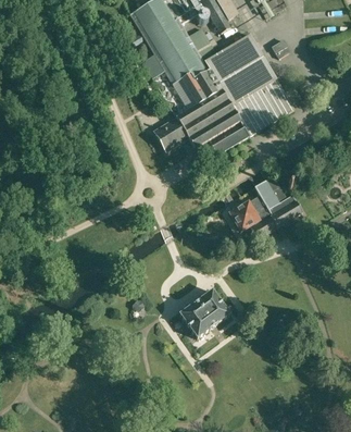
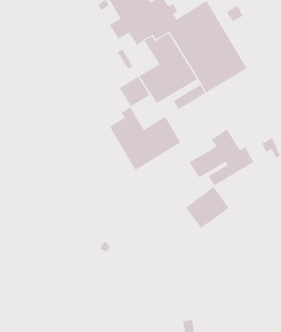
building: none -> [109,106,181,171]
building: [179,291,228,337] -> [185,186,230,229]

